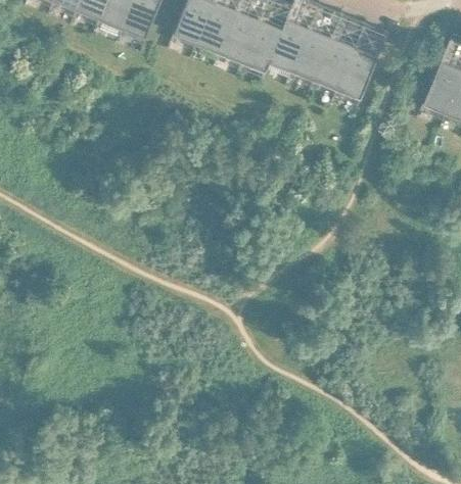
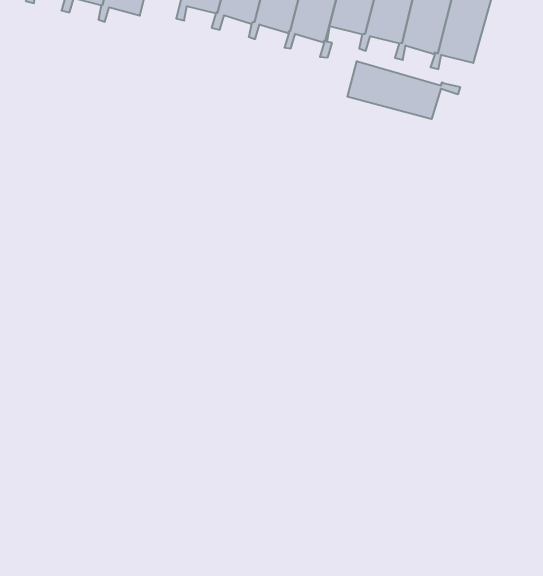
building: none -> [347,61,460,119]

